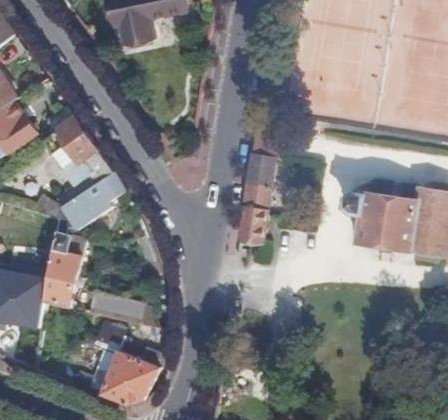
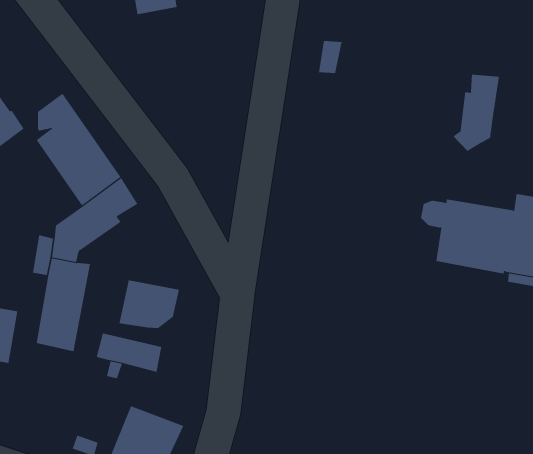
building: none -> [452,74,500,152]
building: [239,131,280,244] -> none
building: none -> [119,279,180,329]

